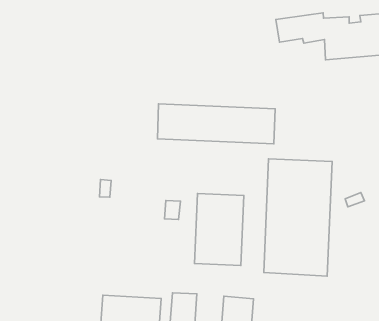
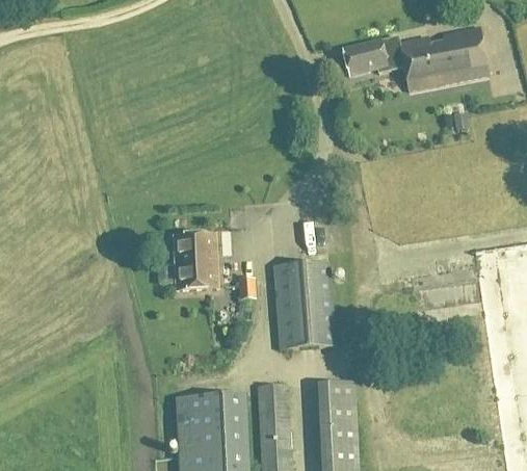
building: [157,104,275,144] -> none
building: none -> [174,232,217,288]
building: [264,159,332,276] -> none

